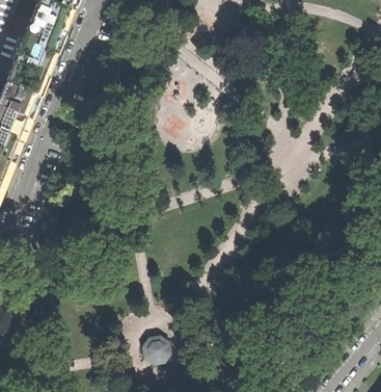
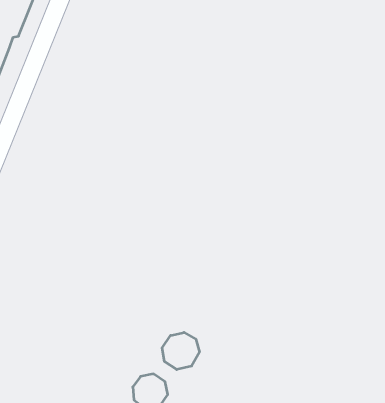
building: none -> [162,332,199,370]

